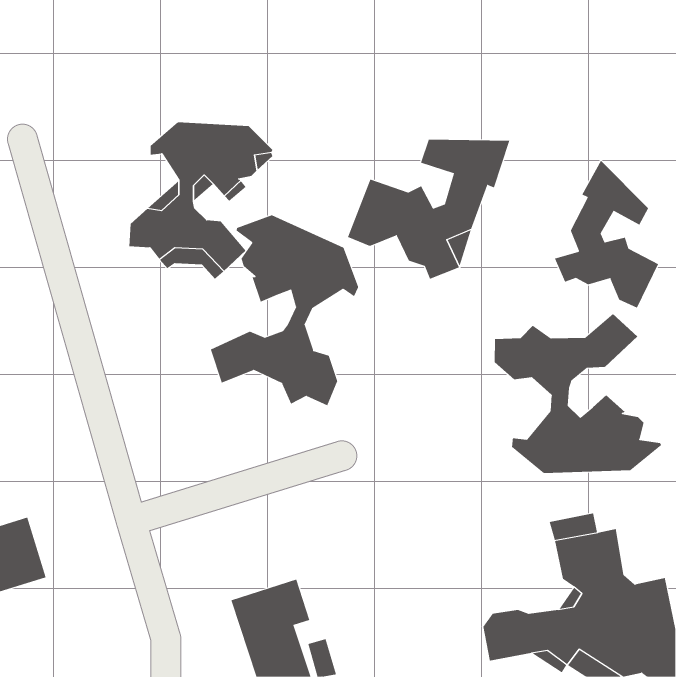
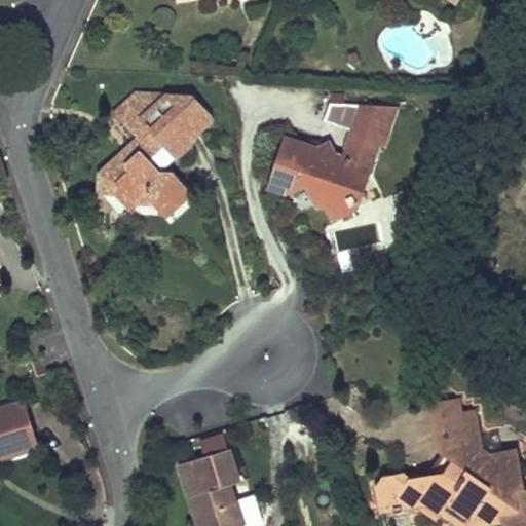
building: [554,160,659,309] -> none
building: [210,214,359,406] -> none
building: [494,313,662,474] -> none

